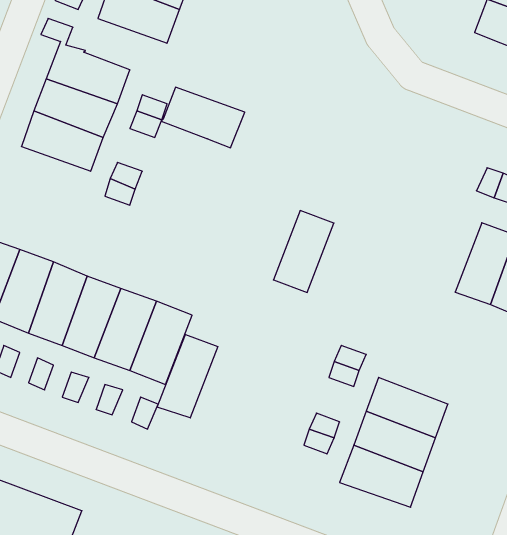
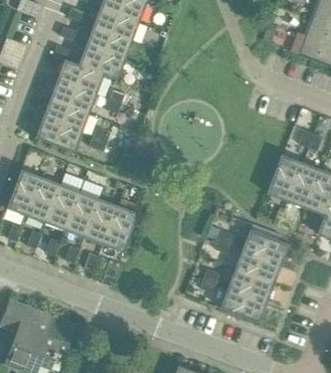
building: [161,87,245,148] -> [76,46,124,80]
building: none -> [34,119,80,153]
building: [273,211,334,292] -> [268,155,302,201]
building: [157,335,218,418] -> none
building: none -> [243,229,291,264]

